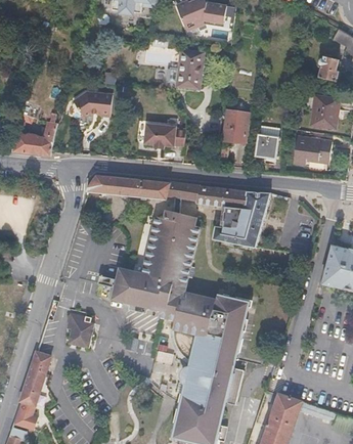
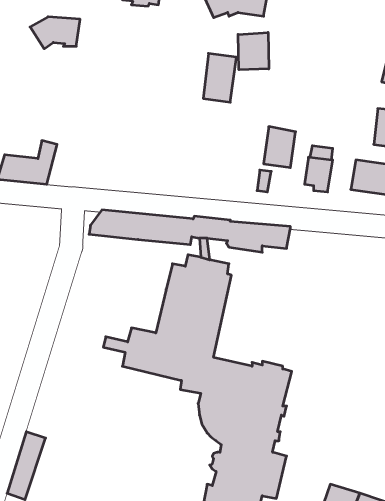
building: none -> [238,32,269,70]
building: [73,92,113,118] -> [30,17,80,49]
building: [144,123,186,148] -> none
building: [211,190,271,249] -> none
building: [67,314,94,349] -> none

